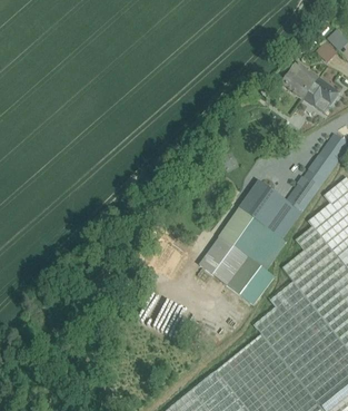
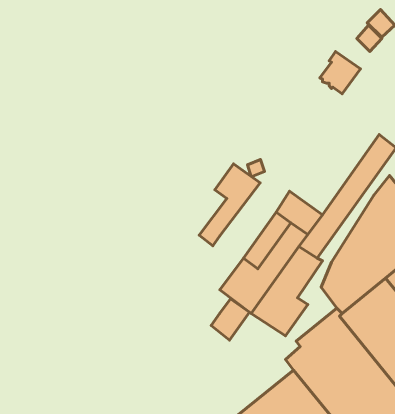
building: [302,78,338,114] -> none
building: none -> [199,164,260,246]
building: none -> [211,299,249,340]

